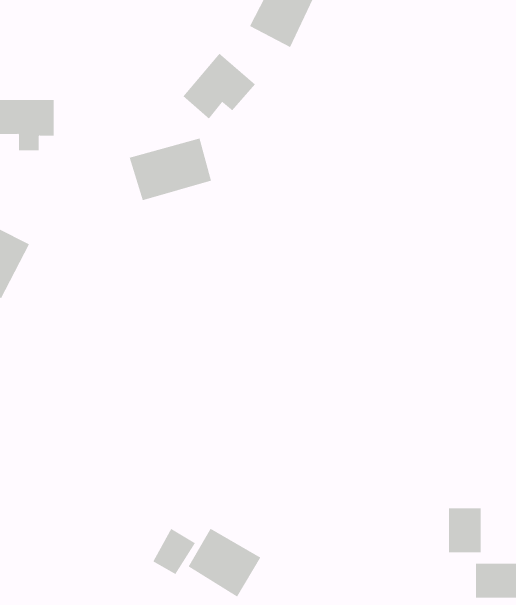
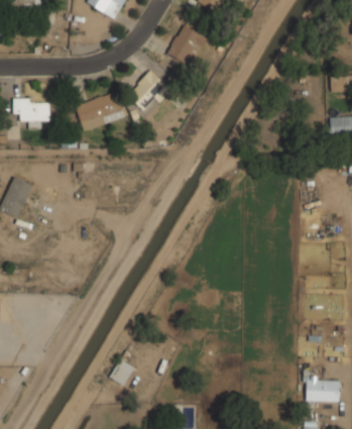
building: [129,138,212,201] -> [75,92,125,130]
building: [448,508,481,553] -> none
building: [188,528,261,597] -> none

